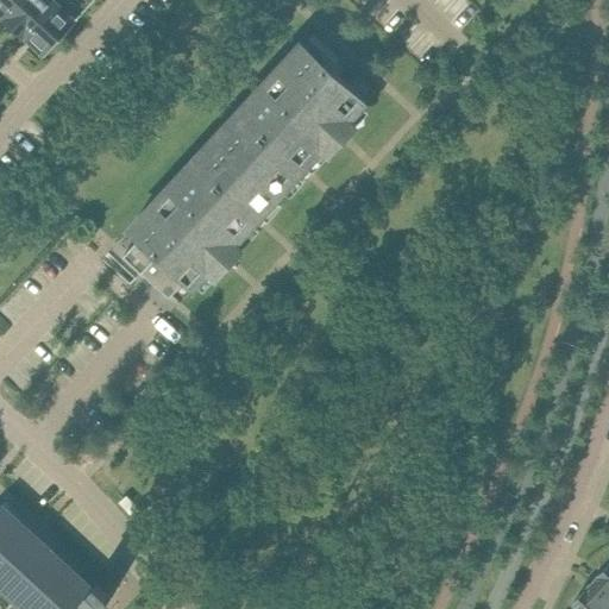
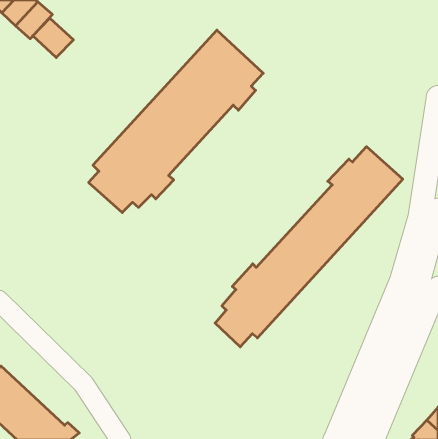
building: none -> [33,18,73,58]
building: none -> [215,147,403,347]

